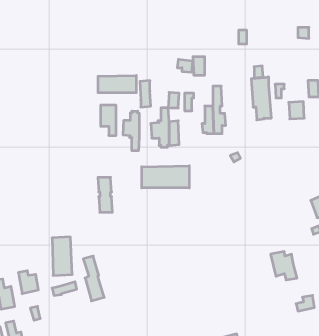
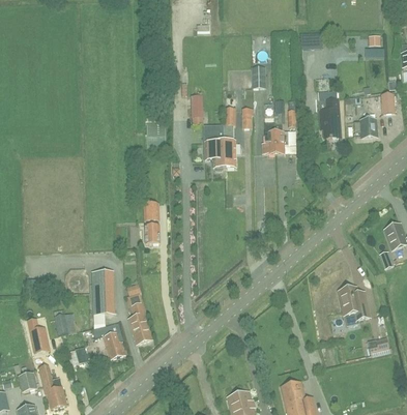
building: [98,75,136,93] -> none
building: [123,111,139,151] -> none
building: [142,166,189,188] -> none
building: none -> [104,329,124,358]

